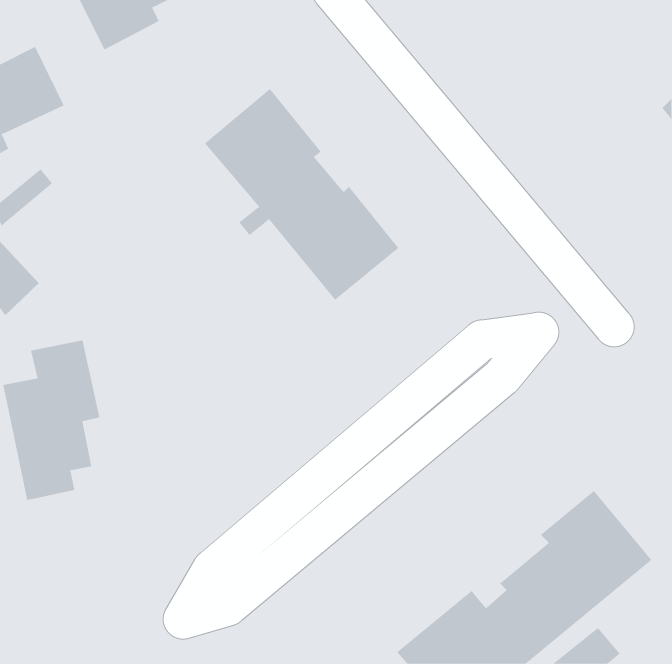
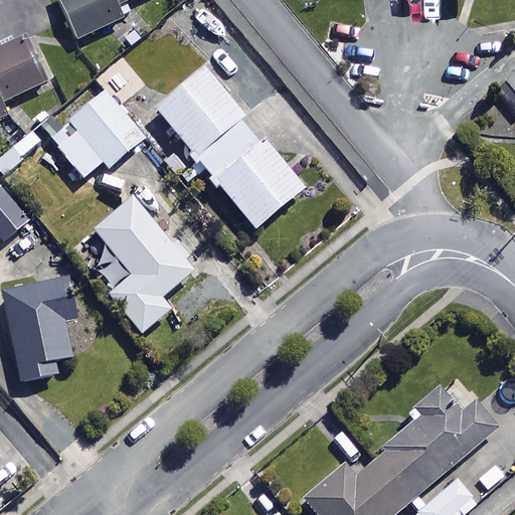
building: none -> [51,92,145,177]
building: none -> [95,199,195,333]

